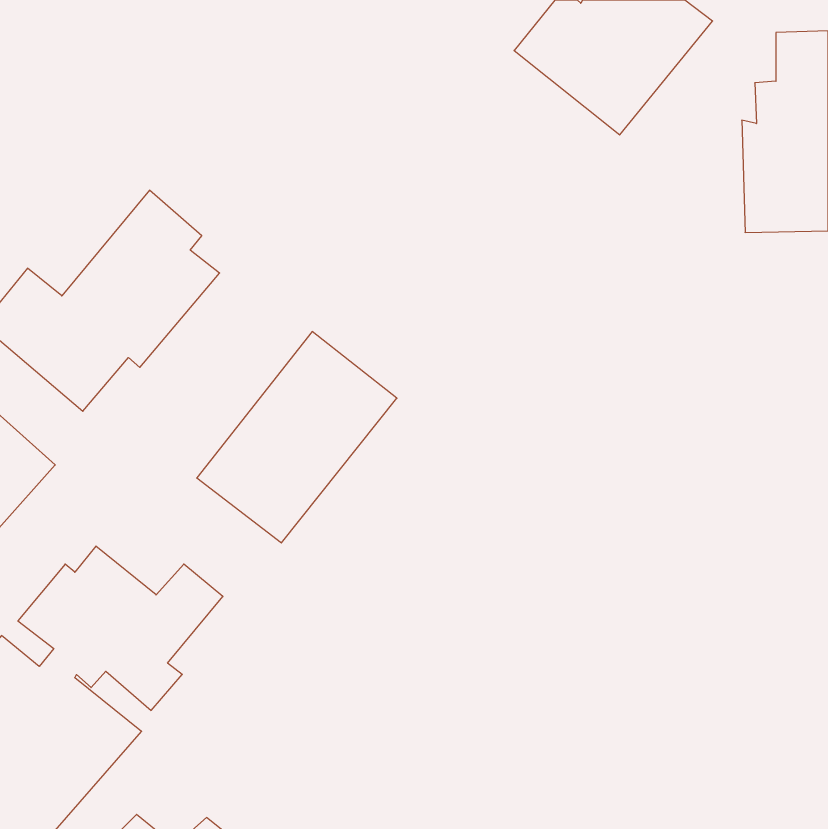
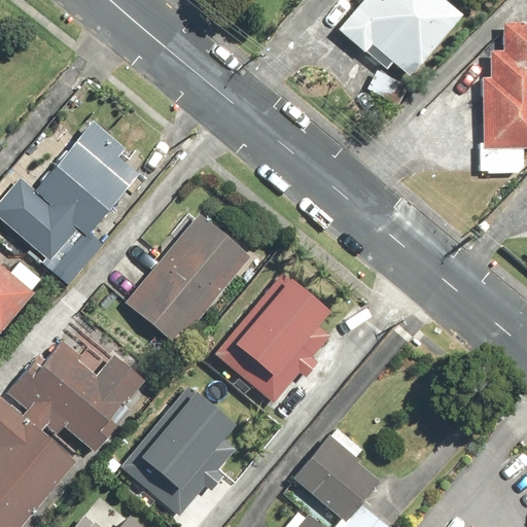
building: none -> [215,268,337,403]
building: none -> [121,382,241,515]
building: none -> [294,436,381,521]

